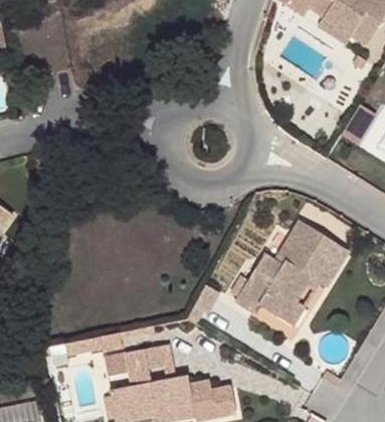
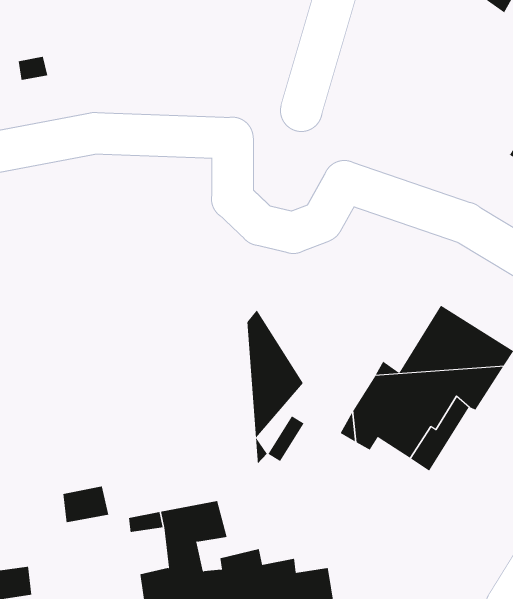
building: none -> [247,309,304,465]

